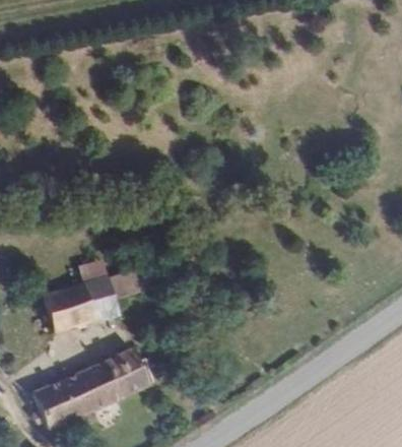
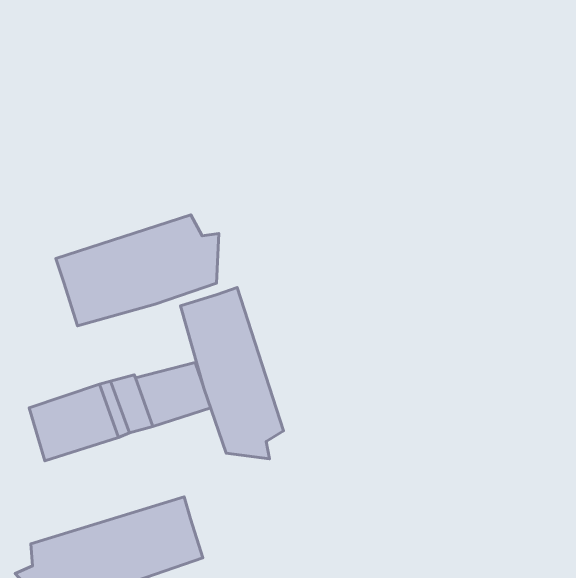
building: none -> [56,215,219,326]
building: none -> [181,288,284,459]

